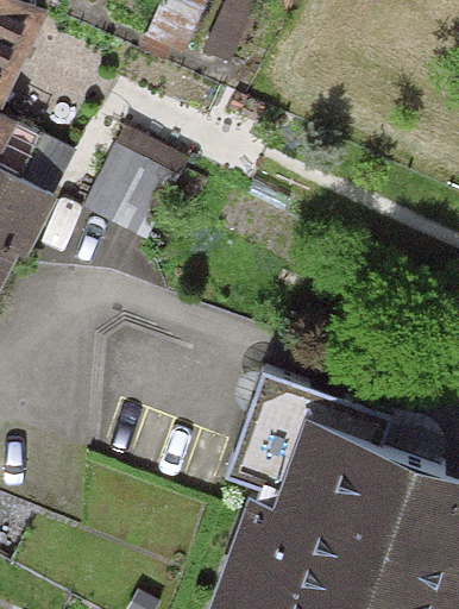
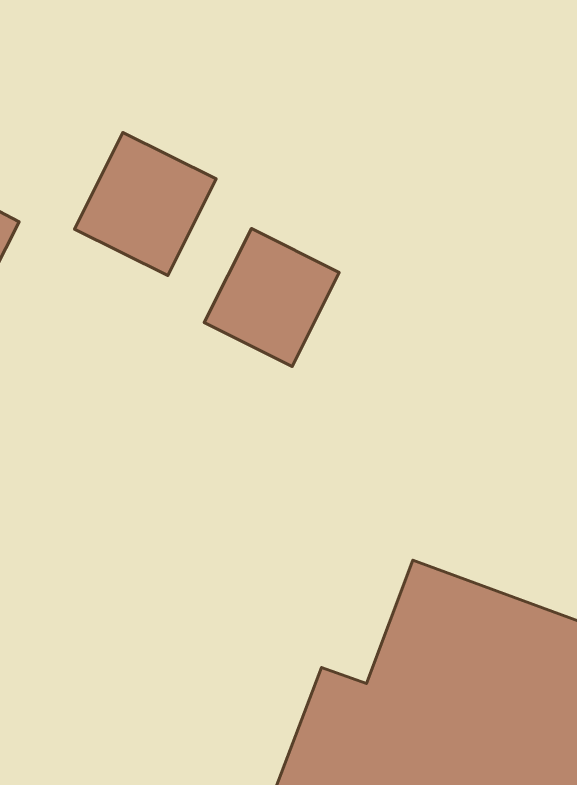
building: none -> [204,228,339,366]

